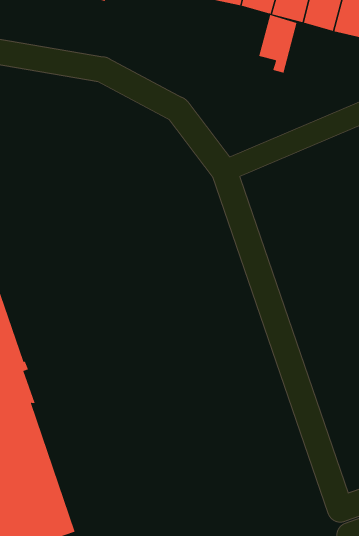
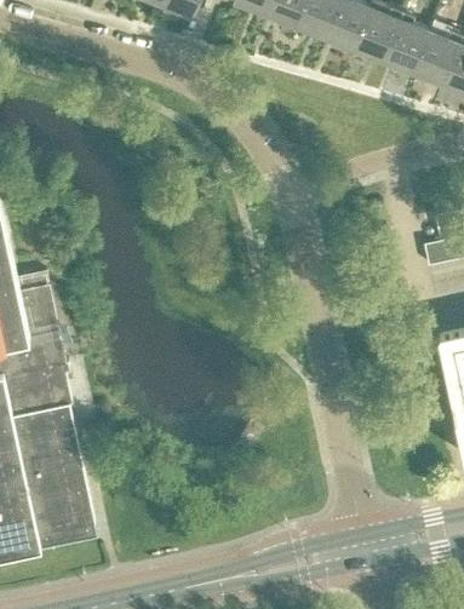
building: [259,14,297,74] -> none

